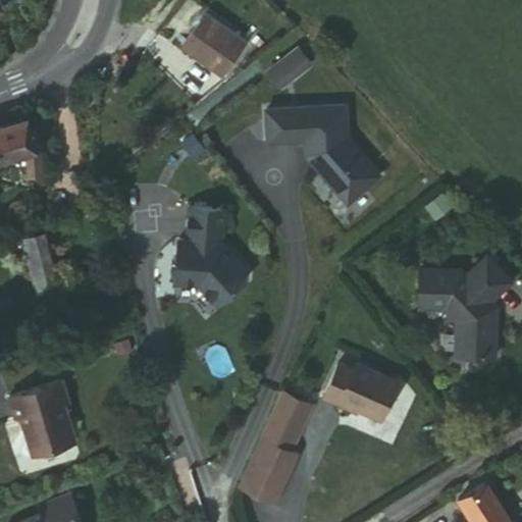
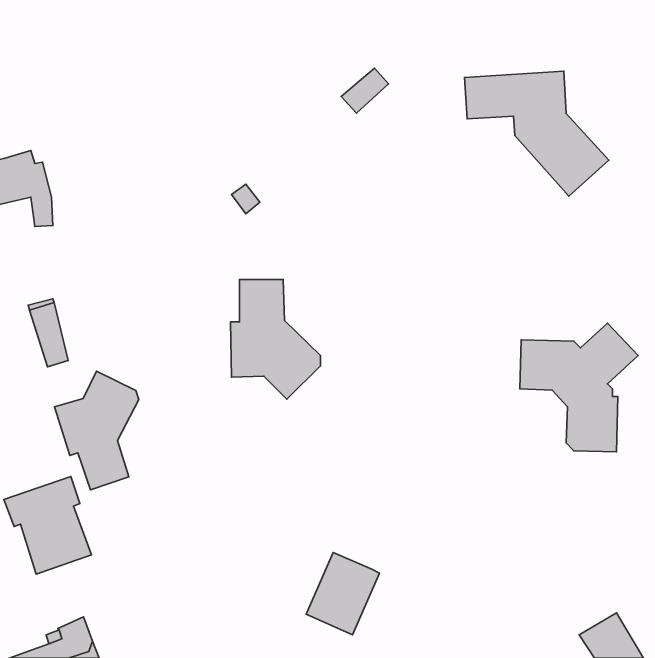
building: [180,15,245,79] -> none
building: [264,105,378,204] -> [465,71,609,196]
building: none -> [55,371,139,490]
building: [326,363,401,420] -> none
building: [264,390,316,451] -> none

